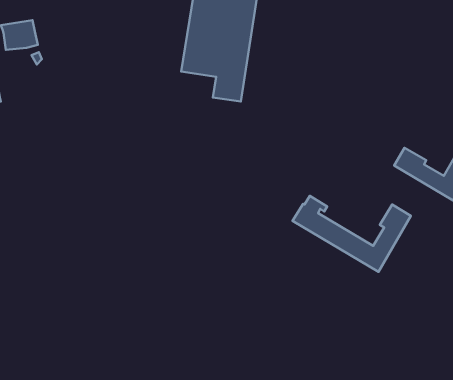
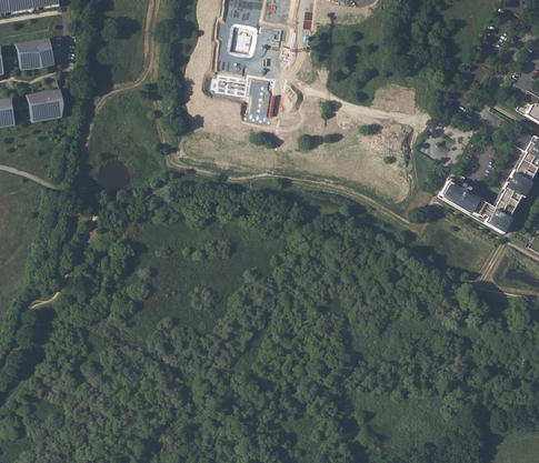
building: none -> [26,90,61,122]
building: [292,196,411,272] -> none

